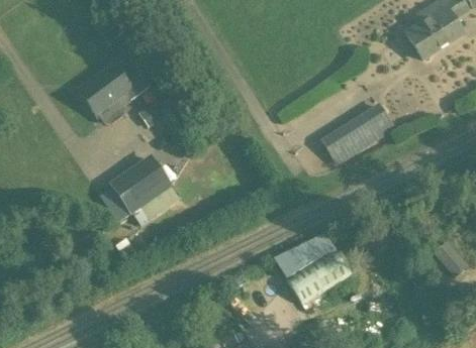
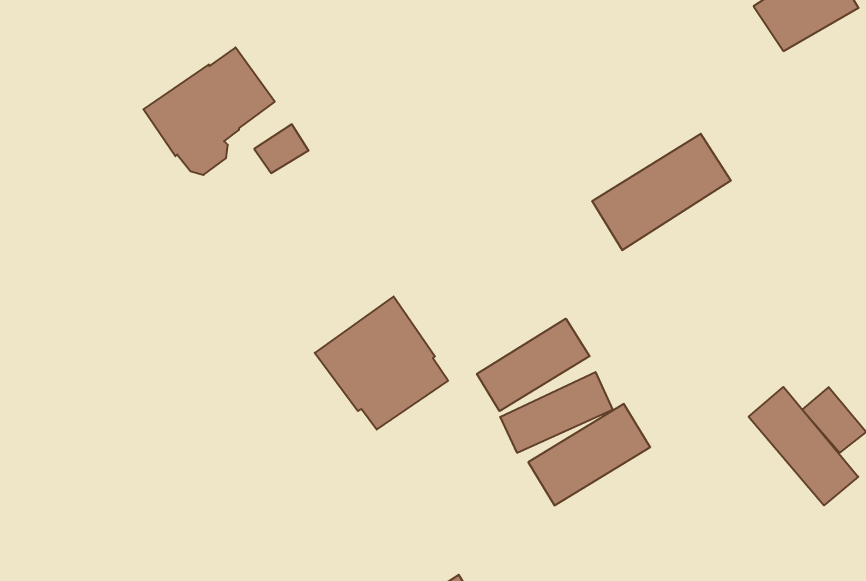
building: [108,153,180,225] -> [315,296,448,430]
building: none -> [477,319,590,411]
building: none -> [749,387,858,505]

